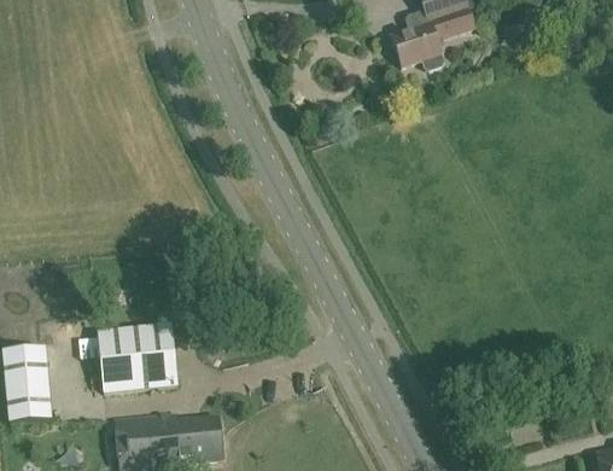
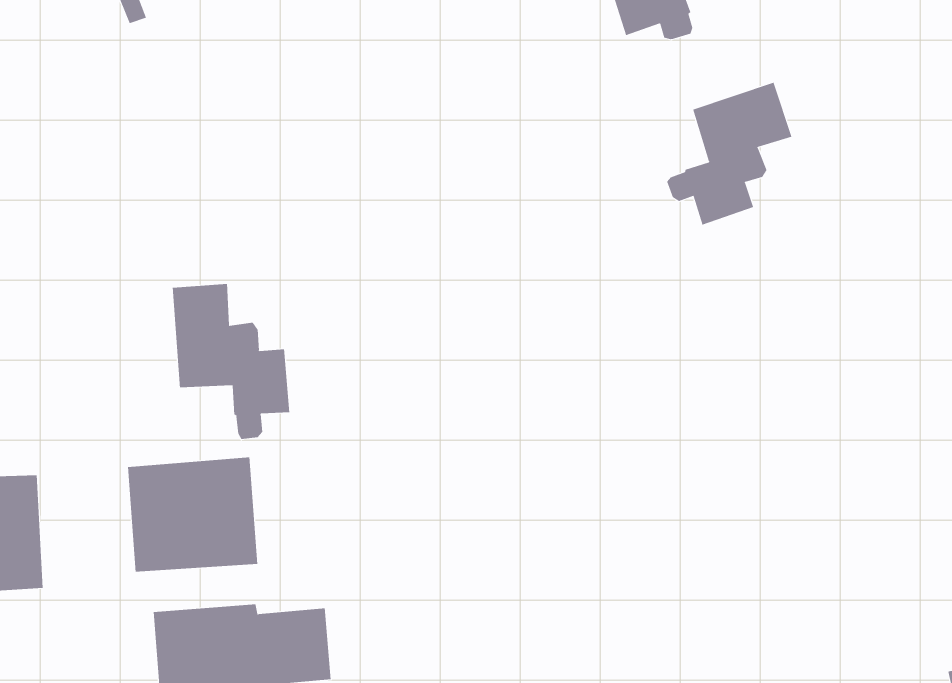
building: none -> [666,82,792,225]
building: none -> [172,283,290,440]

